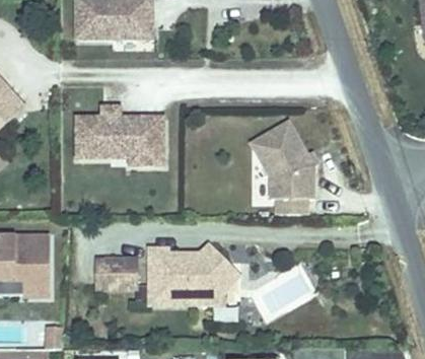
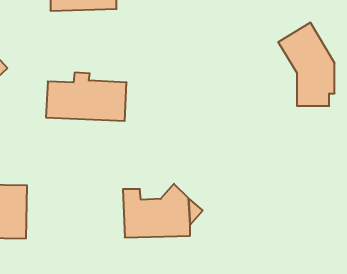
building: [252,123,315,217] -> [278,23,335,106]
building: [103,250,143,281] -> none

